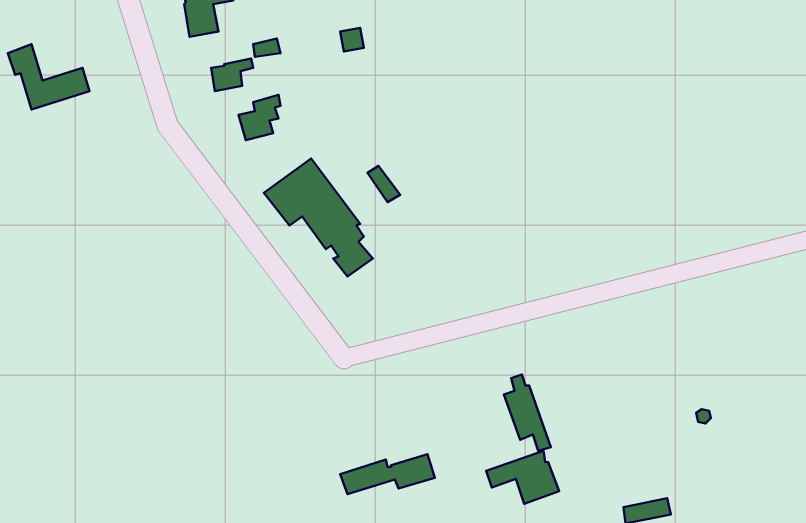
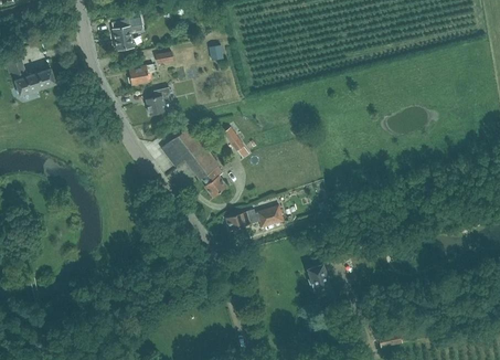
building: [486,451,559,504] -> none
building: [340,454,435,494] -> [226,205,284,230]

